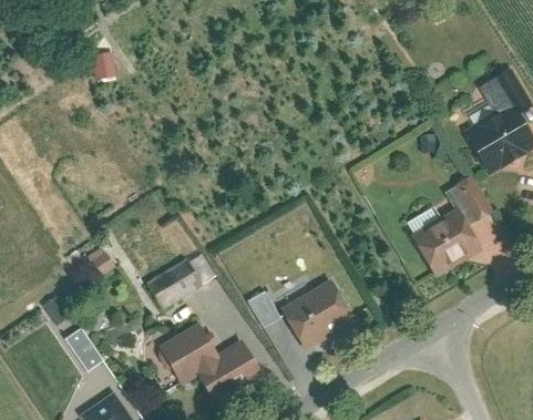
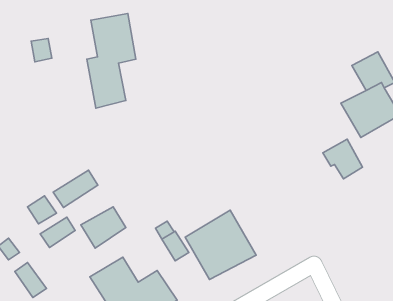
building: none -> [87,14,136,108]
building: [411,207,483,275] -> none
building: none -> [53,170,98,207]
building: none -> [40,217,75,248]

